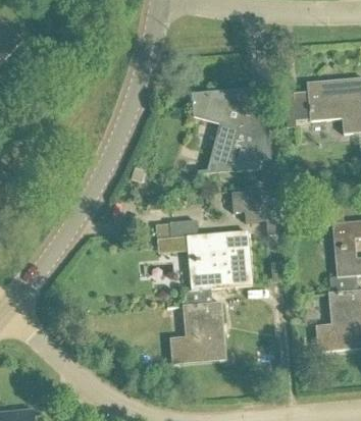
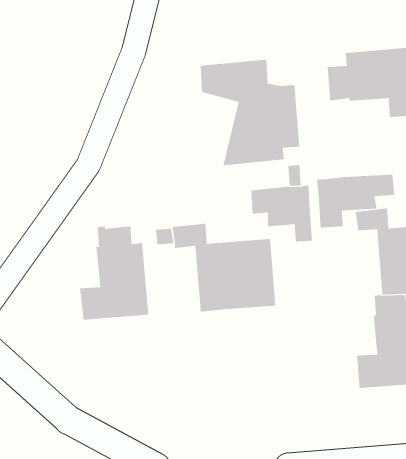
building: none -> [317,174,395,229]
building: [169,287,225,363] -> [79,226,149,320]

